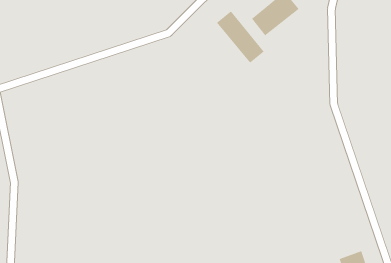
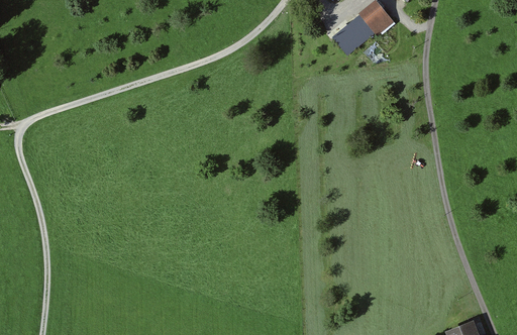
building: [216,10,264,63] -> none

